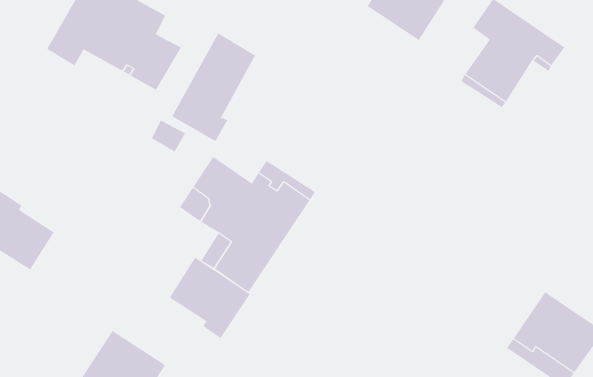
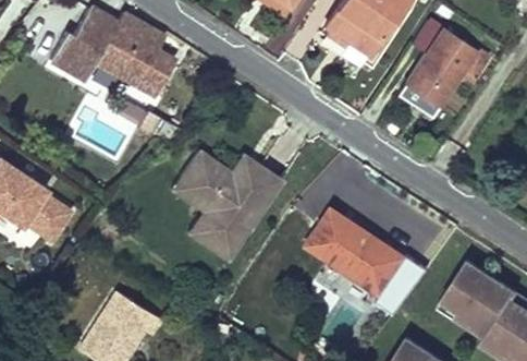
building: [172,33,256,142] -> none
building: none -> [305,214,404,296]
building: [169,257,251,339] -> none

